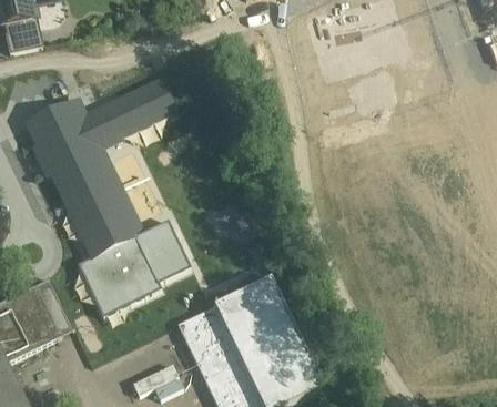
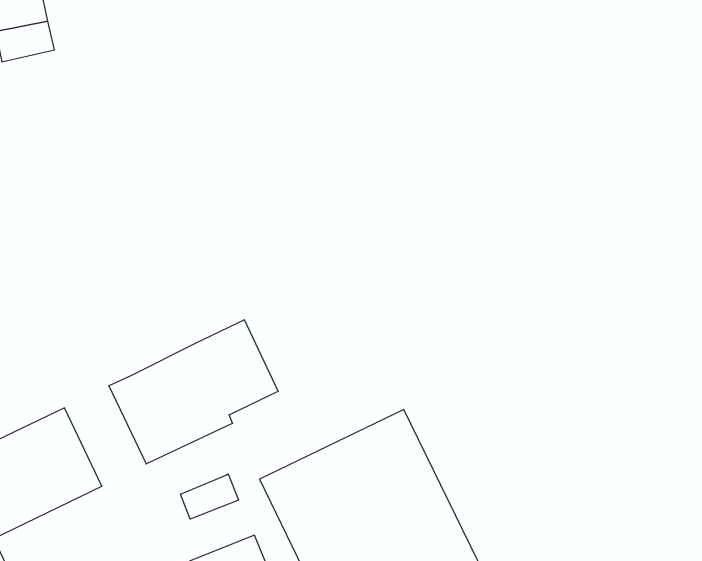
building: [27,79,173,256] -> none
building: none -> [181,474,238,519]

